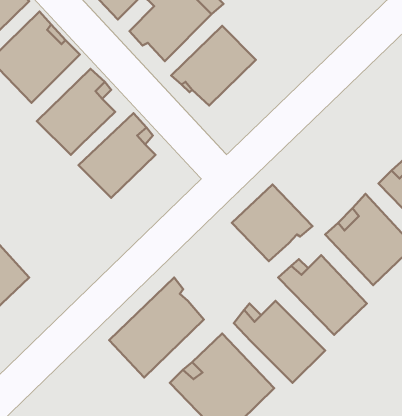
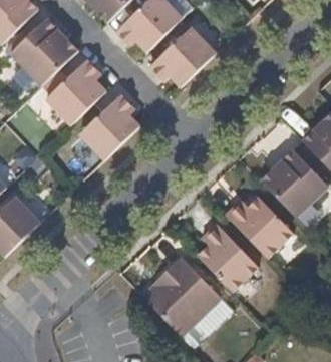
building: [232,185,312,261] -> none
building: [109,278,204,377] -> none

